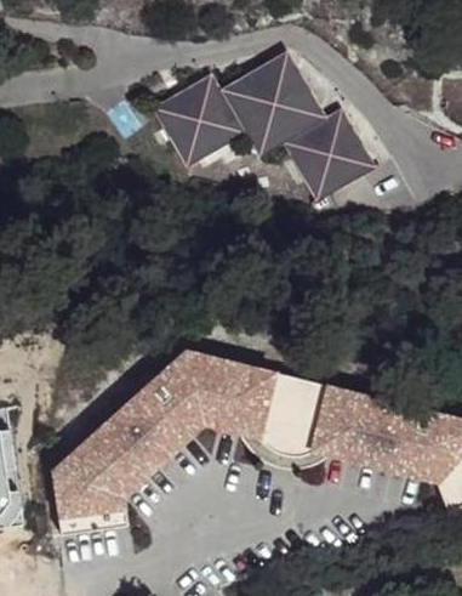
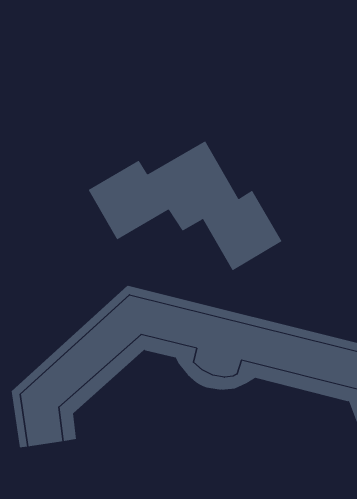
building: [154,52,375,200] -> [88,141,283,271]

